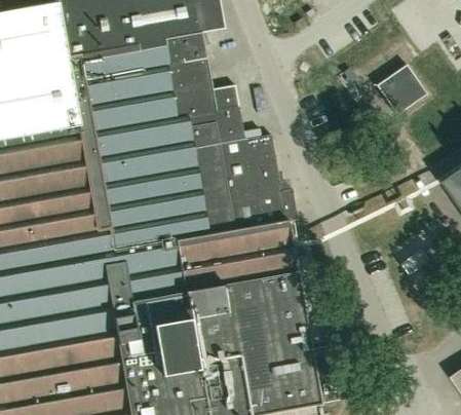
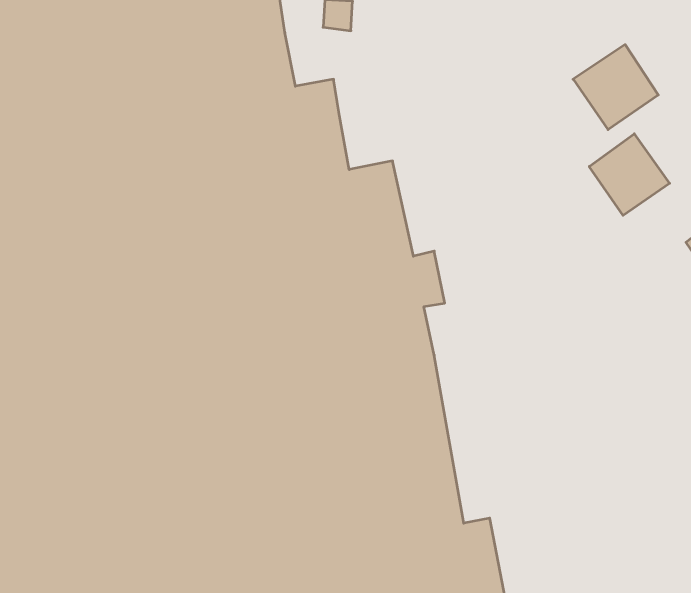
building: none -> [589,134,670,215]

